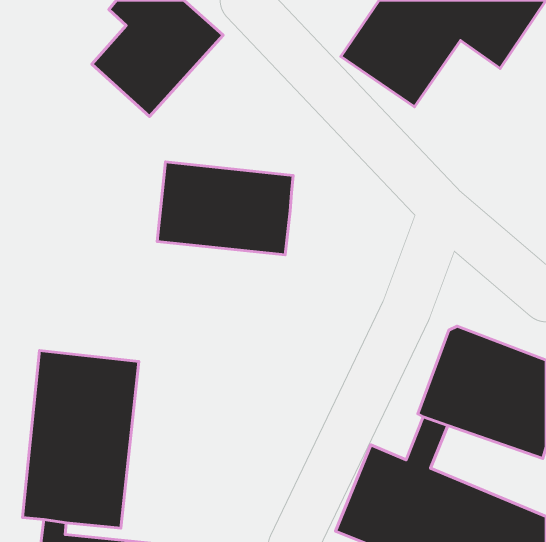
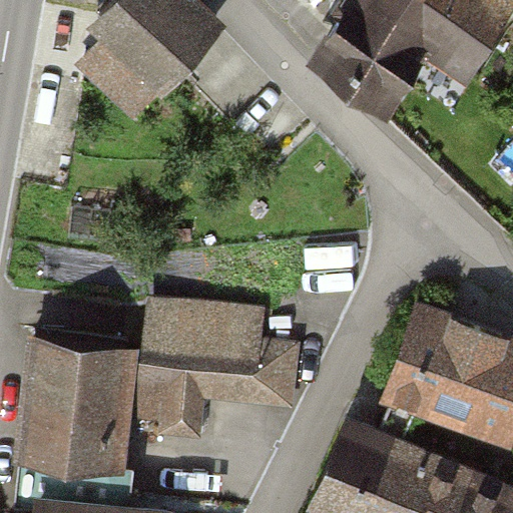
building: [157,162,293,255] -> none
building: none -> [143,302,298,436]

